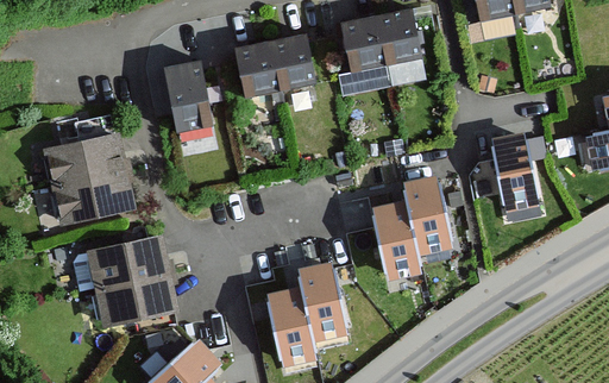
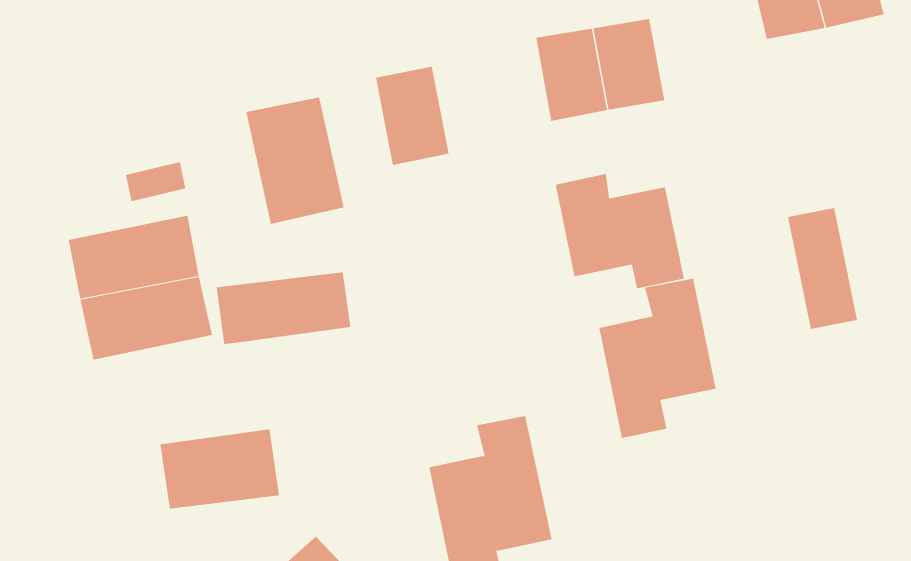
building: [271,38,318,100] -> none
building: none -> [555,173,684,289]
building: [86,237,170,282] -> [216,272,351,344]

